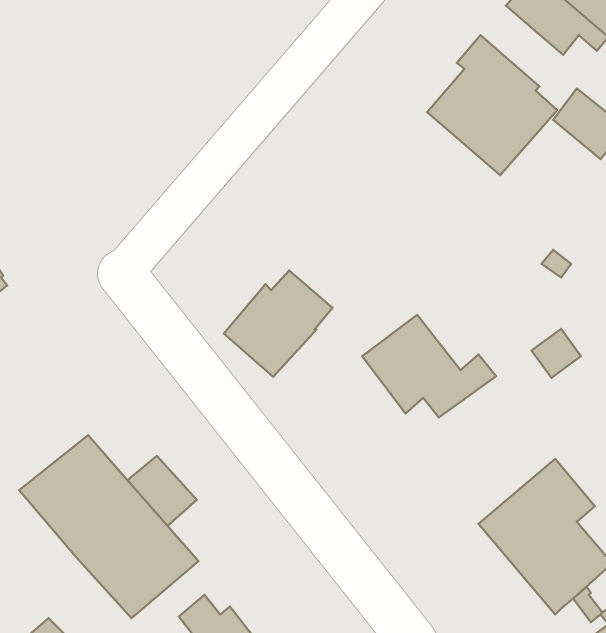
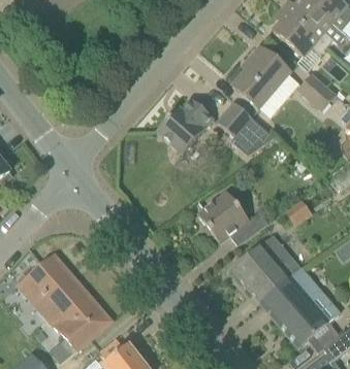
building: none -> [218,100,274,153]
building: [224,270,332,377] -> [157,97,214,153]
building: none -> [232,233,299,300]
building: [127,456,197,526] -> none

